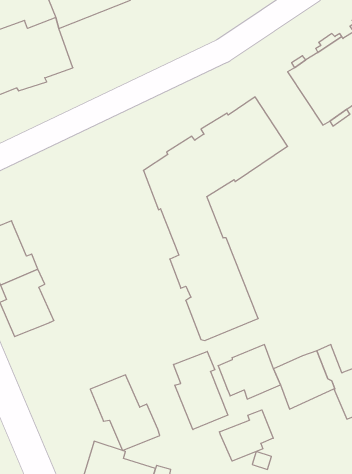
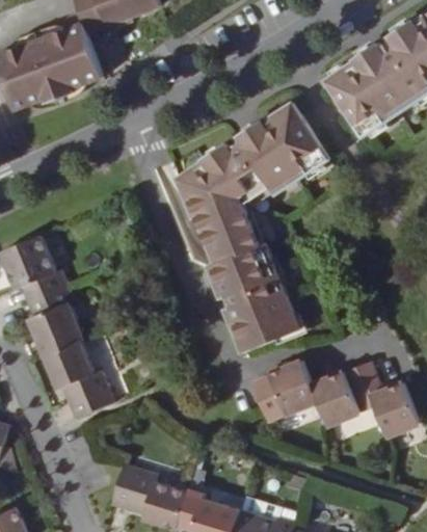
building: [174,351,228,430] -> none
building: [90,375,160,450] -> [43,339,114,417]
building: [219,410,273,461] -> none

